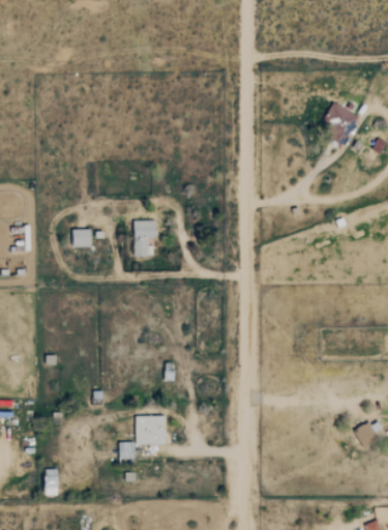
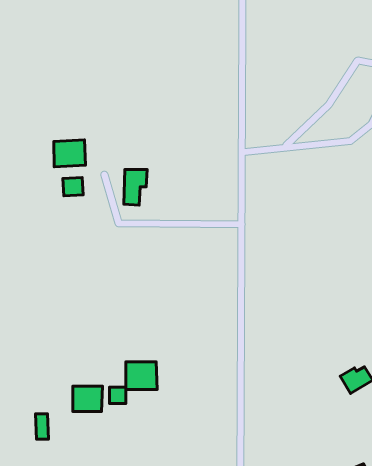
building: [323,101,359,147] -> none
building: none -> [54,140,86,167]
building: none -> [73,386,103,412]

